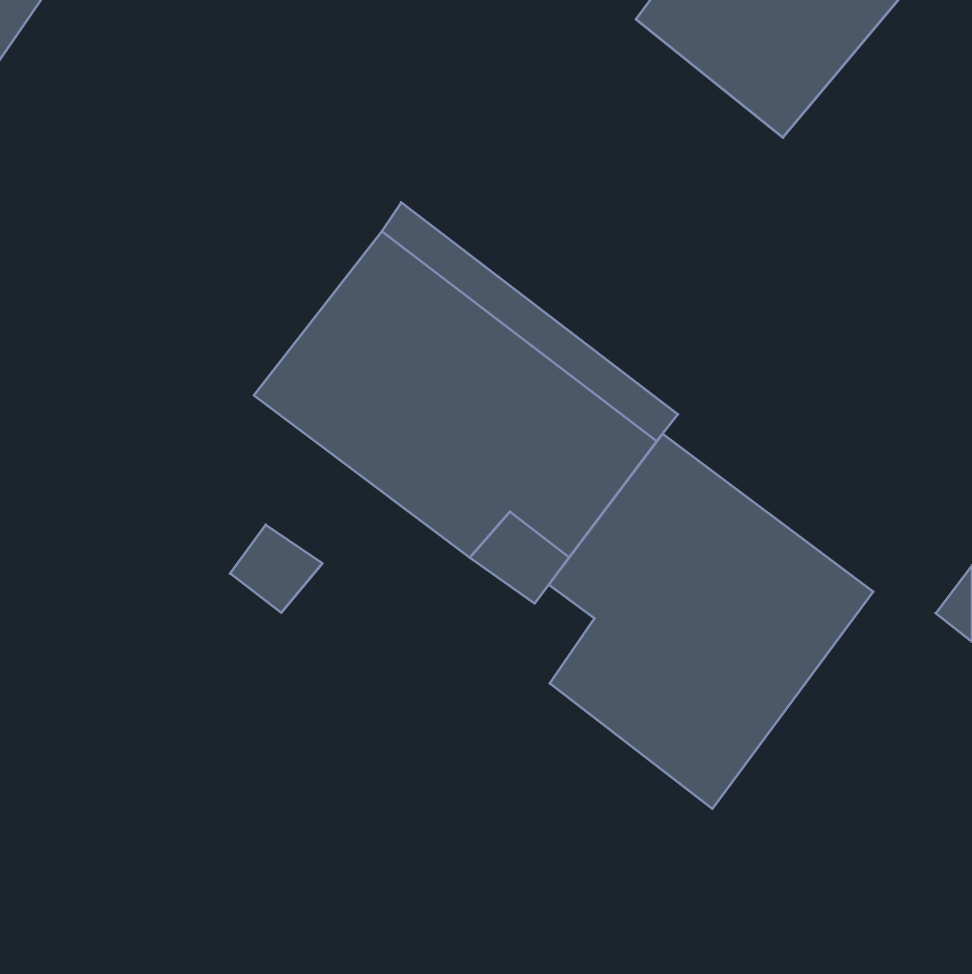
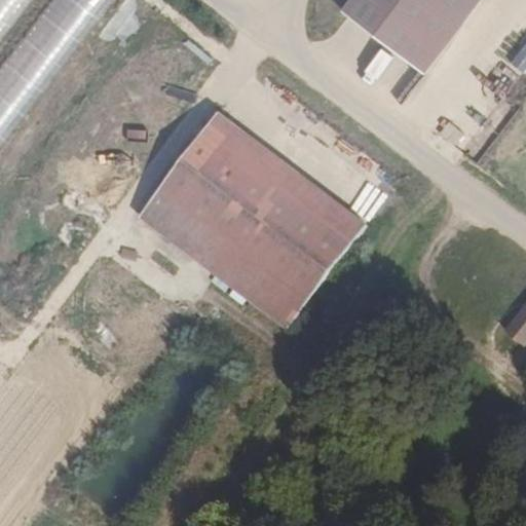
building: [549,434,873,809] -> none
building: [230,525,322,613] -> none

